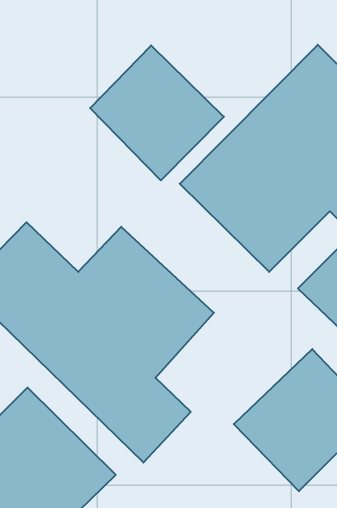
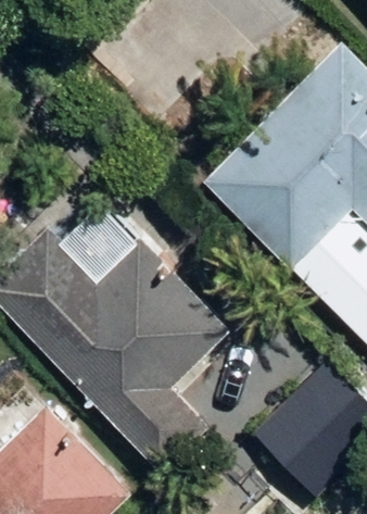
building: [90,45,224,180] -> none

